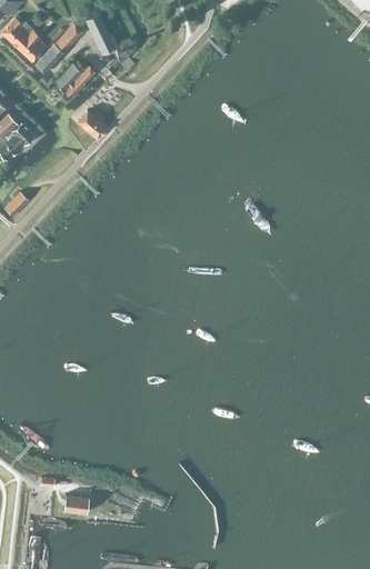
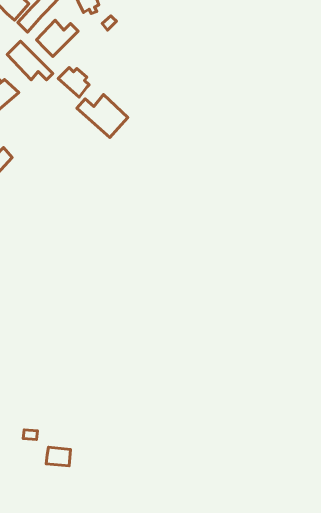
building: none -> [7,41,53,80]
building: none -> [77,94,128,138]

